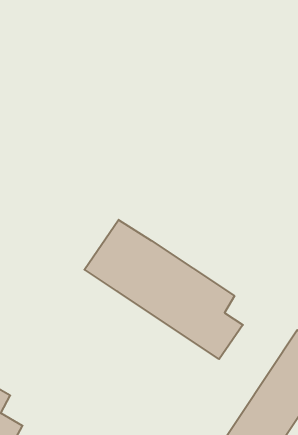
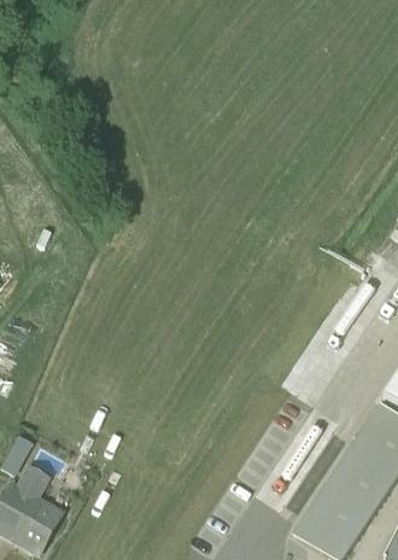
building: [84,220,243,359] -> none

